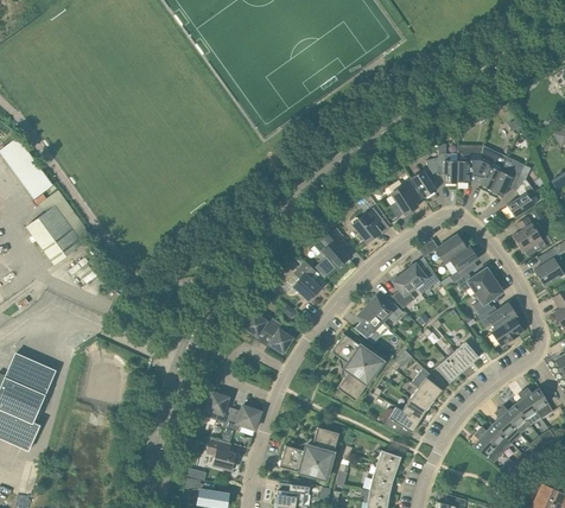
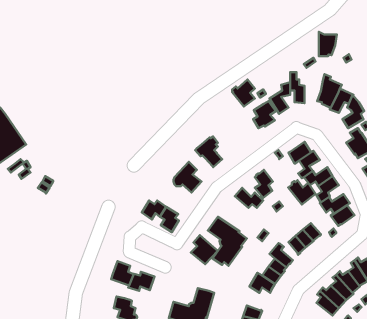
building: [458,151,482,183] -> [319,32,337,56]
building: [353,208,382,243] -> [232,79,255,107]
building: [405,262,440,294] -> [288,180,315,205]
building: [355,306,391,344] -> [191,235,218,264]

